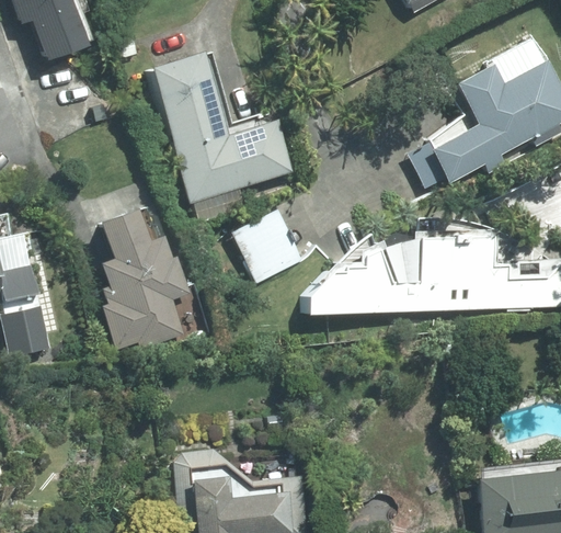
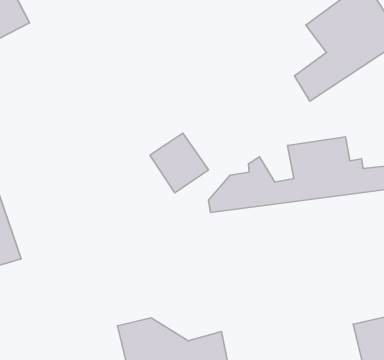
building: [149,50,296,206] -> none
building: [78,201,198,352] -> none

